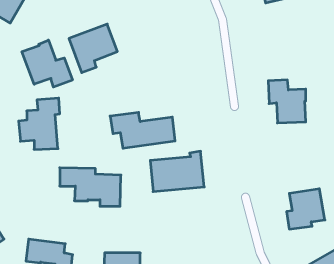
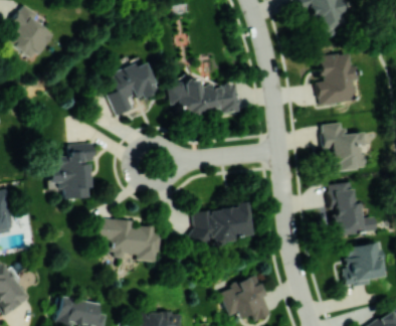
building: none -> [317,51,357,105]
building: [22,40,72,87] -> none
building: [110,112,175,148] -> [167,77,238,117]
building: none -> [331,181,375,234]
building: none -> [219,276,270,320]

